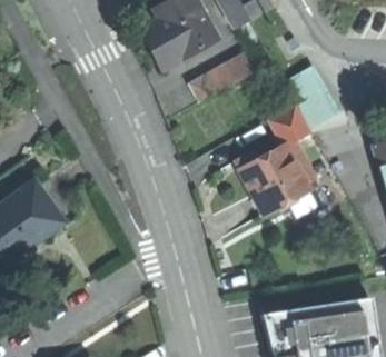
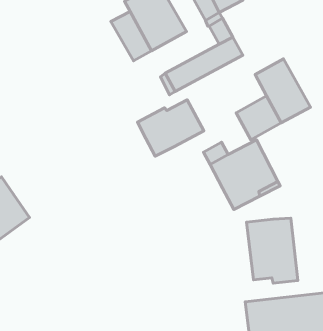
building: none -> [137,100,204,156]
building: none -> [247,218,298,283]

